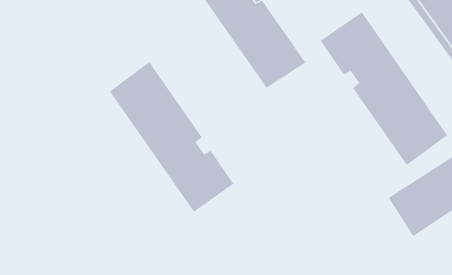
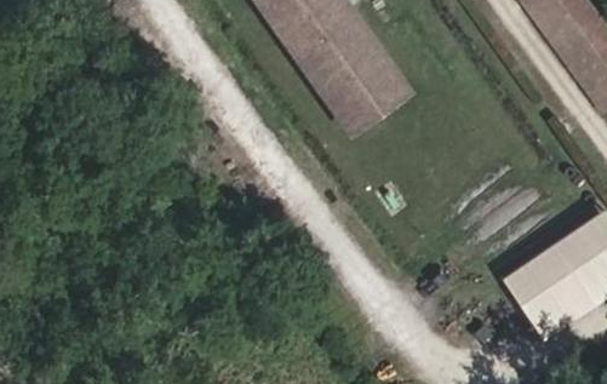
building: [320,11,448,166] -> none
building: [109,61,234,212] -> none

